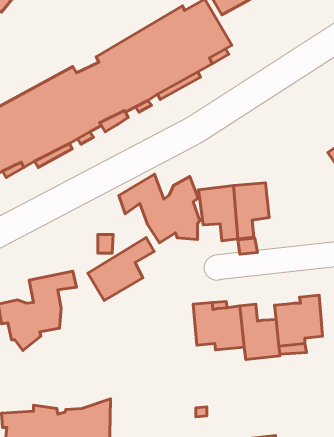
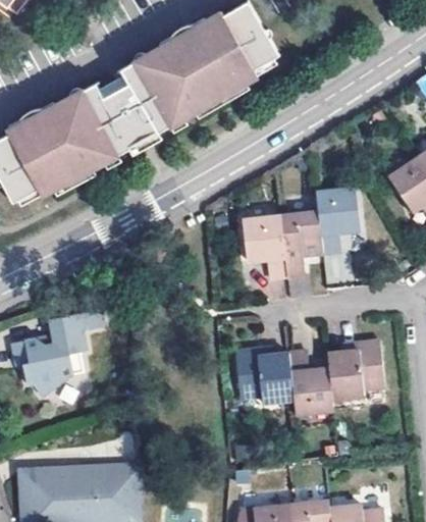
building: none -> [316,187,358,251]
building: [119,174,200,243] -> none
building: [88,238,154,300] -> none

